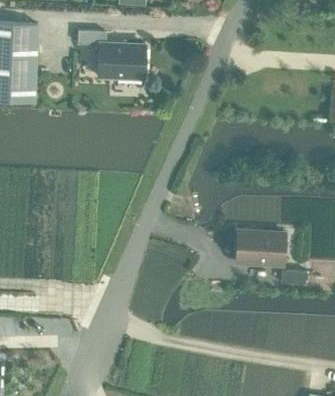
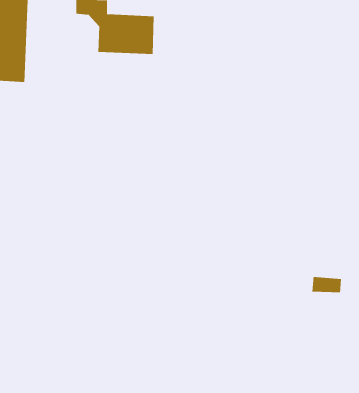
building: [236,230,285,265] -> none

